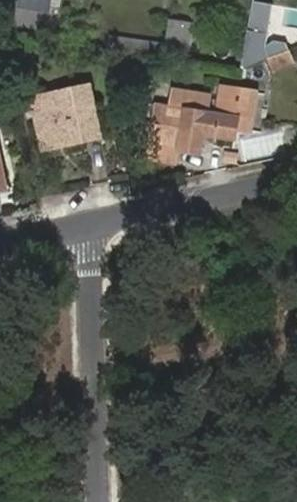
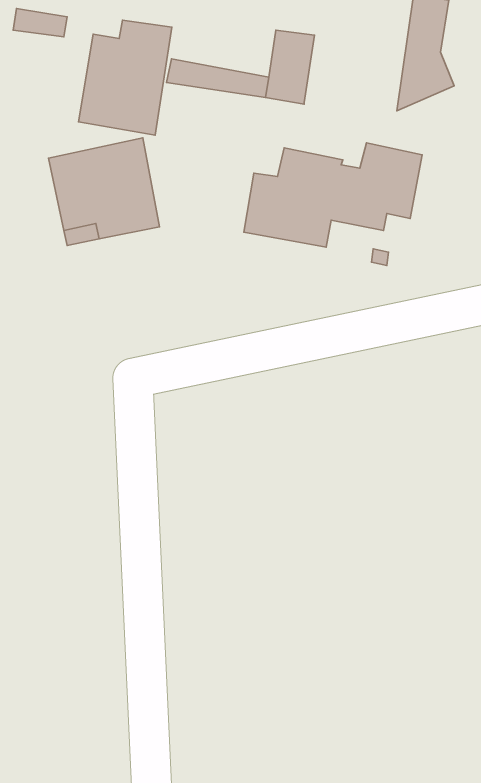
building: none -> [79,20,172,135]

